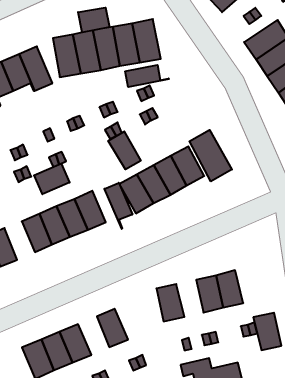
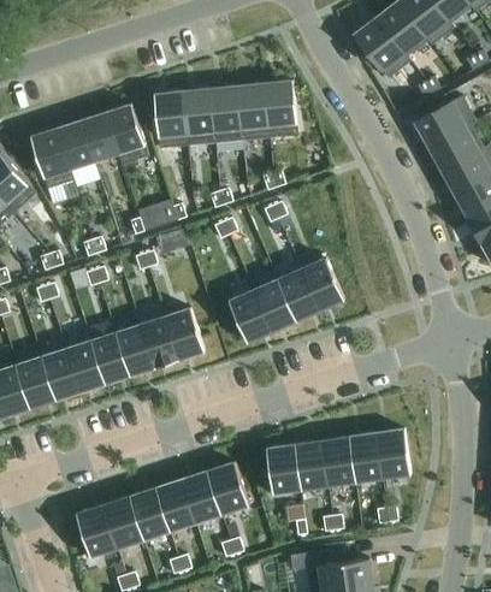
building: [78,8,109,32] -> none
building: [125,65,169,87] -> none
building: [189,130,232,181] -> none
building: [108,131,141,169] -> none
building: [34,164,70,194] -> none
building: [104,183,132,229] -> none
building: none -> [65,341,103,392]
building: none -> [292,440,326,490]
building: none -> [206,461,248,514]
building: [253,313,281,350] -> [374,428,409,478]
building: none -> [154,479,194,531]

